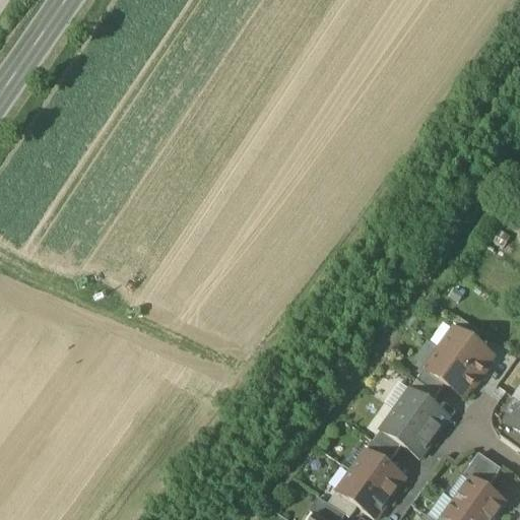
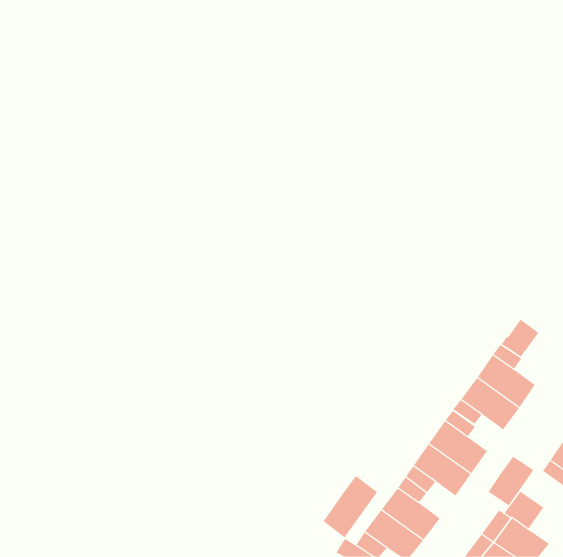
building: none -> [501,319,539,358]
building: none -> [488,456,534,506]
building: none -> [323,475,378,538]

